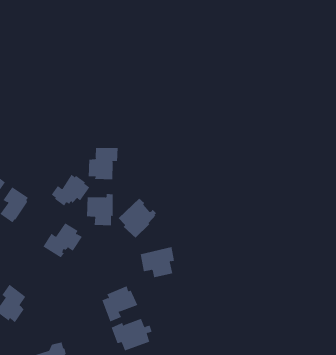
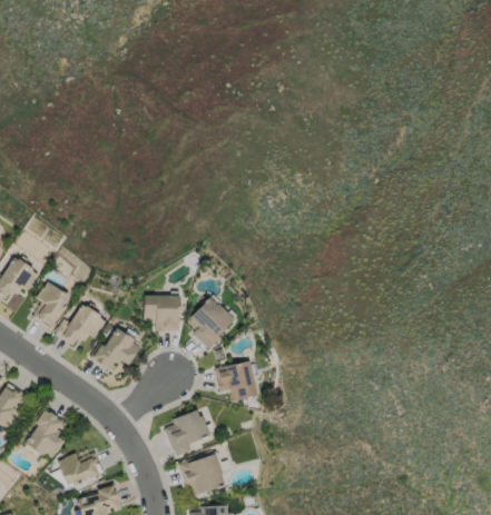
building: [88,147,118,180] -> none
building: [51,174,90,206] -> [56,305,107,347]
building: none -> [57,454,102,486]

